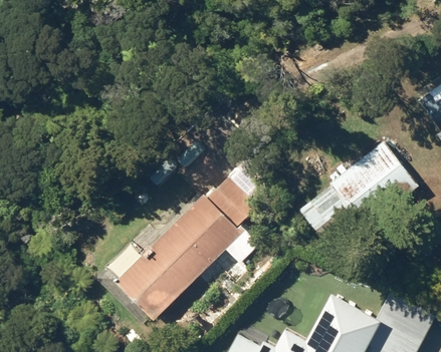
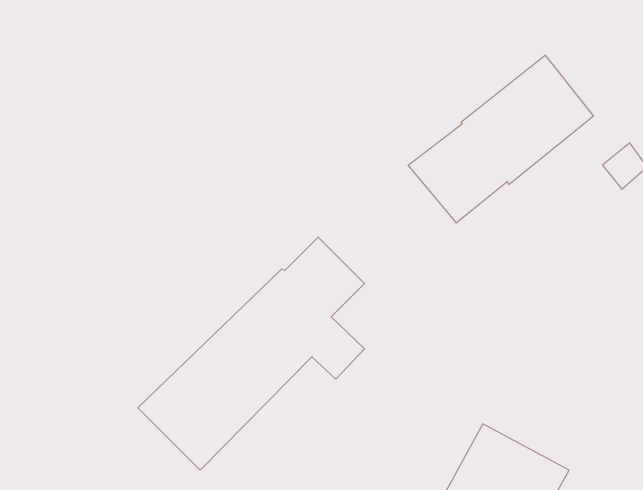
building: [296,141,413,247] -> [408,55,593,223]

